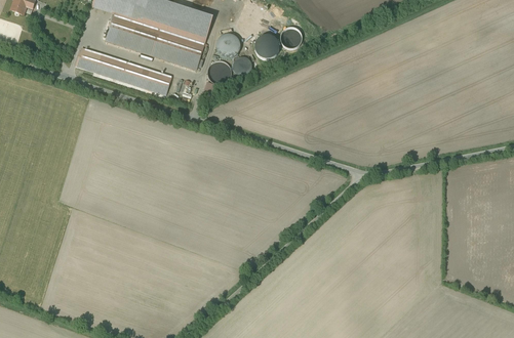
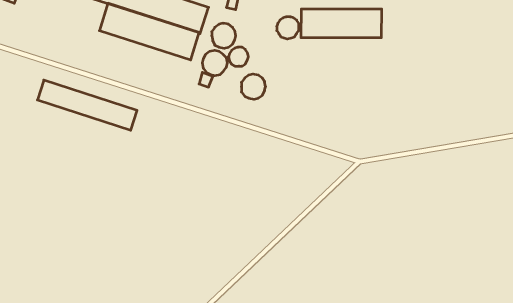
building: none -> [301,9,382,38]
building: [255,35,279,59] -> [241,74,266,99]
building: [75,46,172,95] -> [37,80,137,130]

